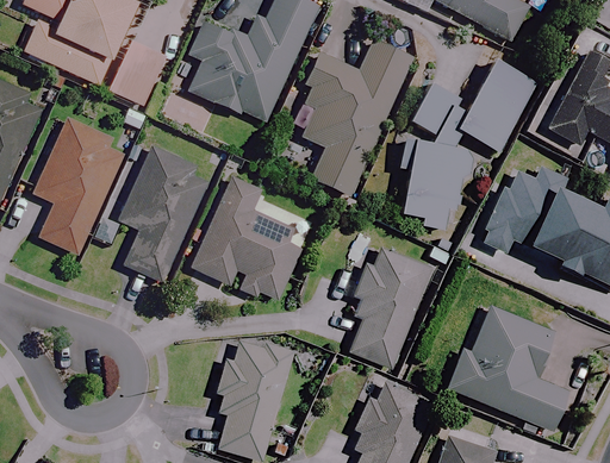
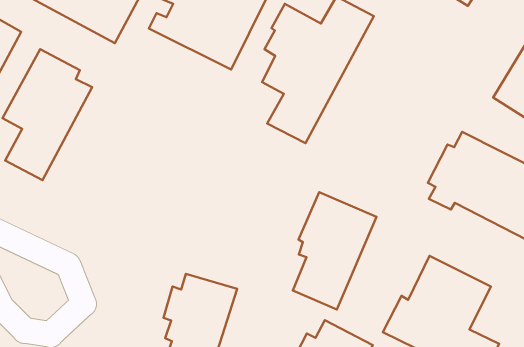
building: [397,60,537,229] -> none
building: [116,145,207,281] -> none
building: [192,175,300,300] -> none

